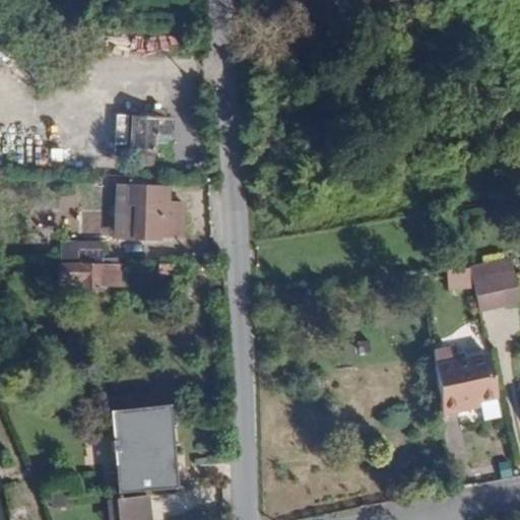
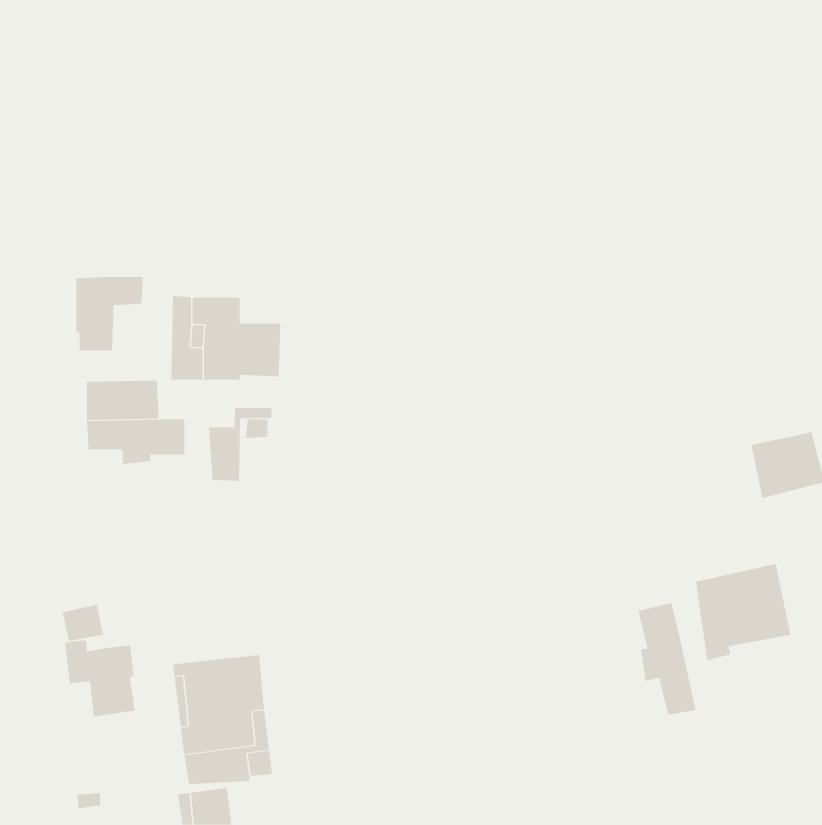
building: [125,115,168,161] -> [76,276,144,351]
building: none -> [209,407,272,482]
building: none -> [638,602,696,716]
building: none -> [65,639,135,717]

